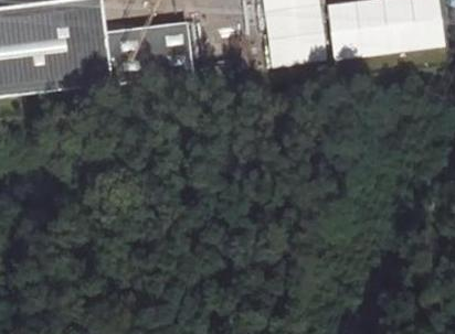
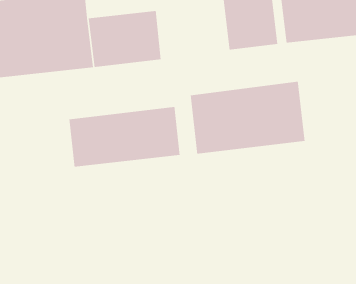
building: none -> [190,81,305,154]
building: none -> [69,106,180,168]

